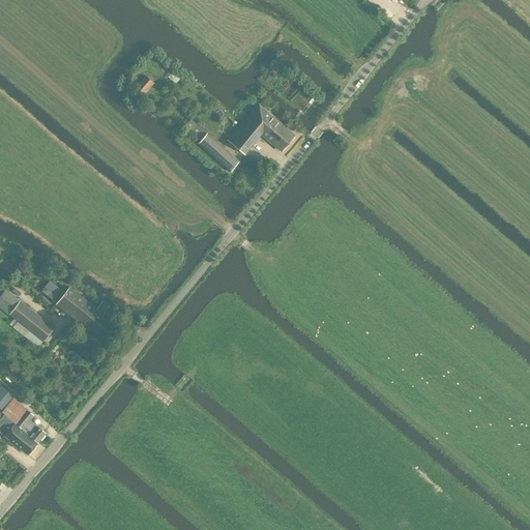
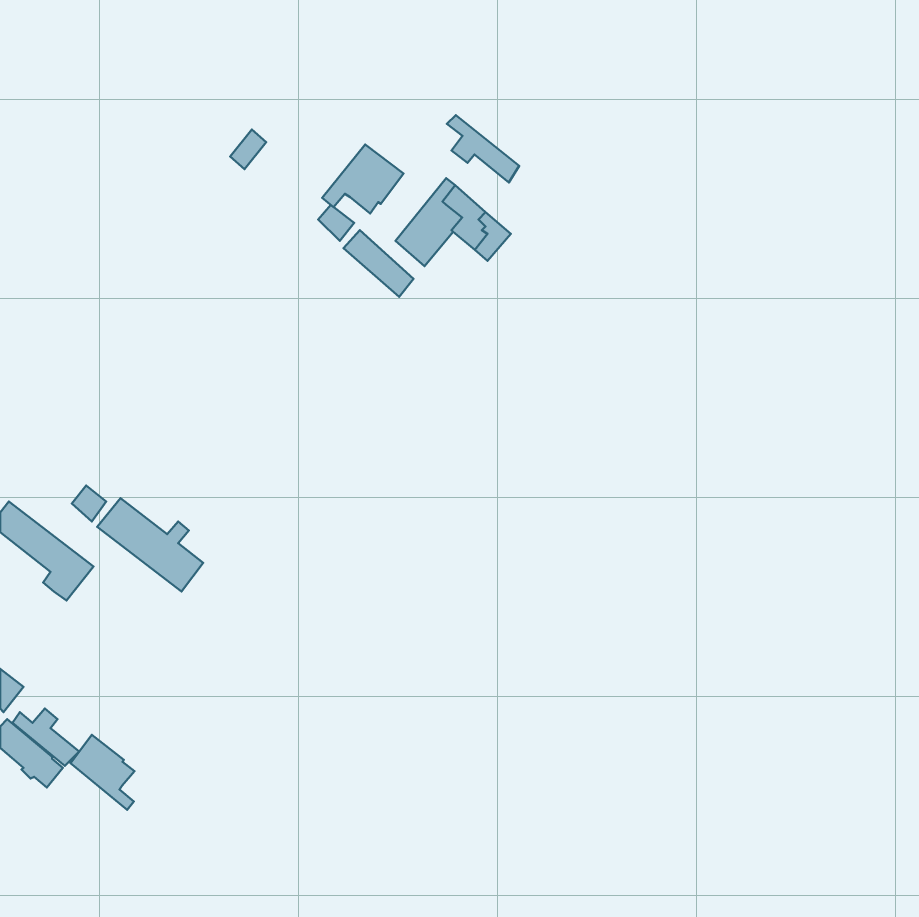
building: none -> [447,115,519,182]
building: none -> [322,145,404,214]
building: none -> [70,735,135,810]

